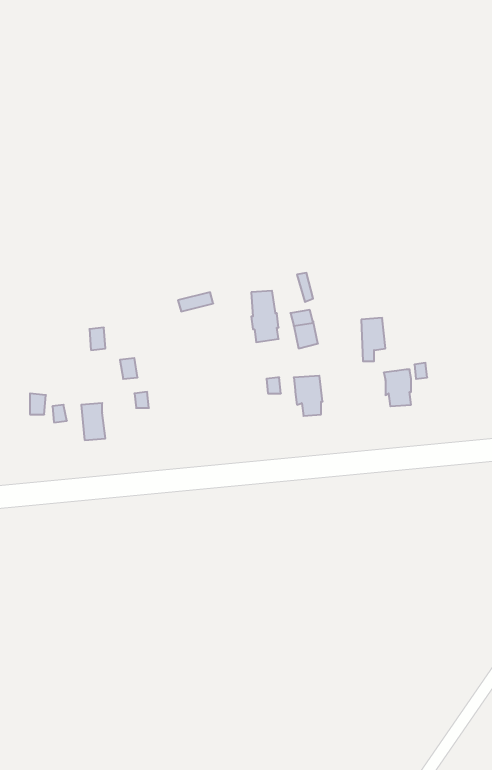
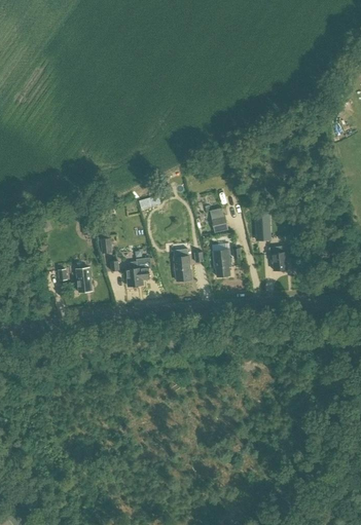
building: [251,291,279,342] -> [174,248,191,280]
building: none -> [127,261,151,286]

